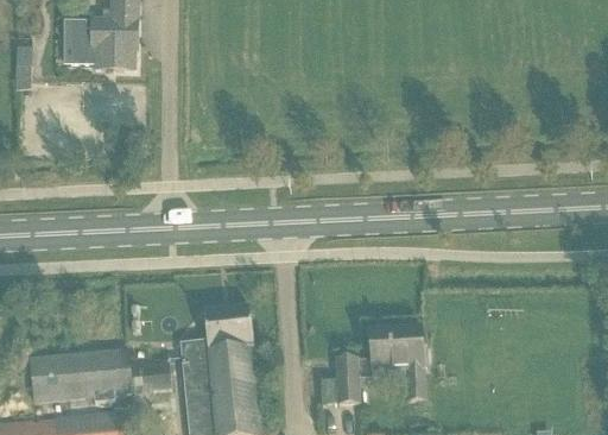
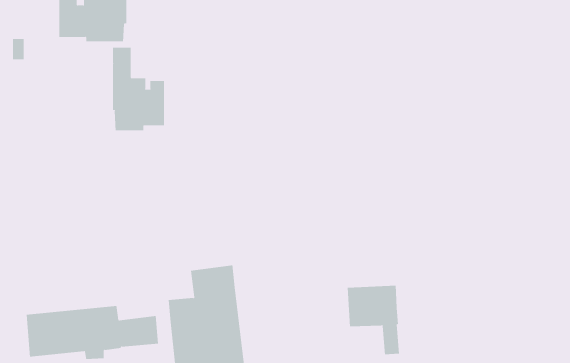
building: none -> [113,47,164,131]
building: [335,358,357,404] -> none

